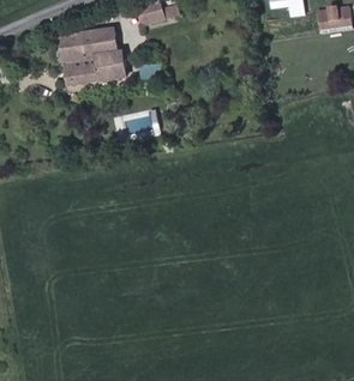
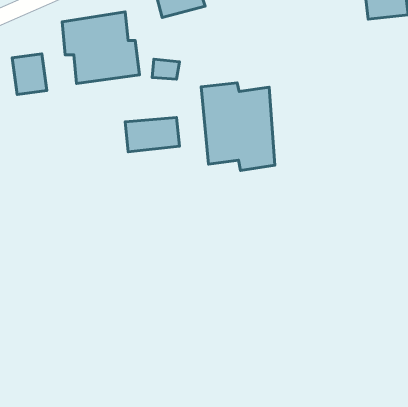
building: none -> [12,54,47,95]
building: none -> [201,83,275,170]

